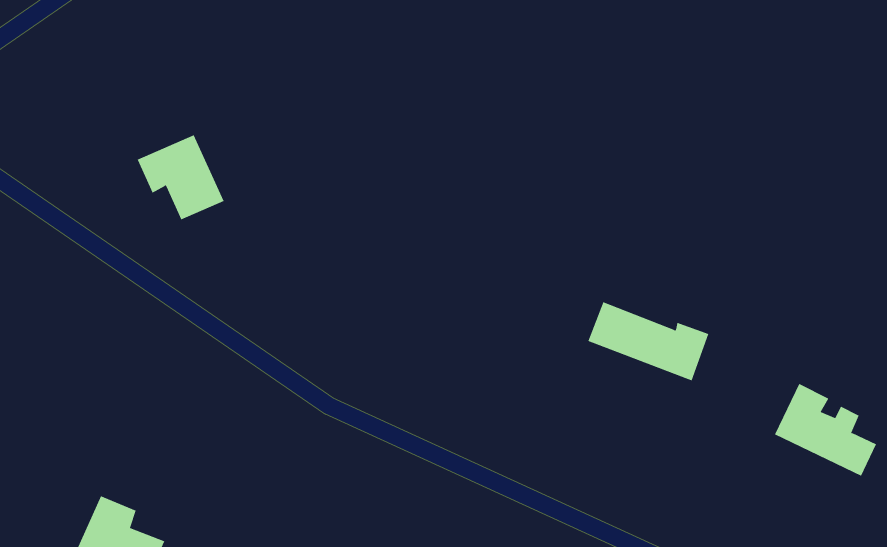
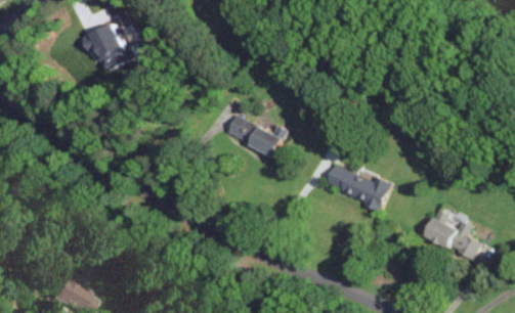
building: [137,135,224,220] -> [82,24,129,70]
building: none -> [226,116,283,155]

